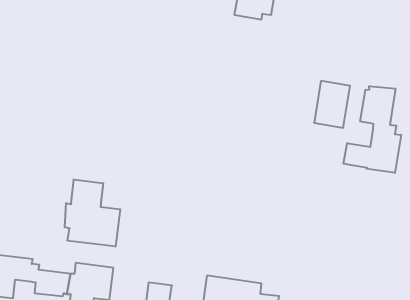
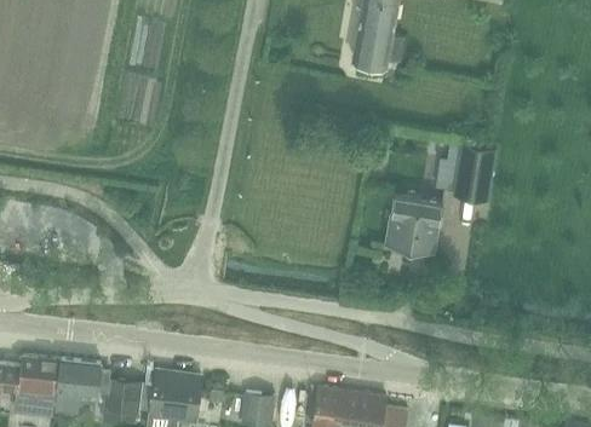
building: [344,86,401,173] -> none
building: none -> [384,197,442,255]
building: [65,179,120,247] -> none

